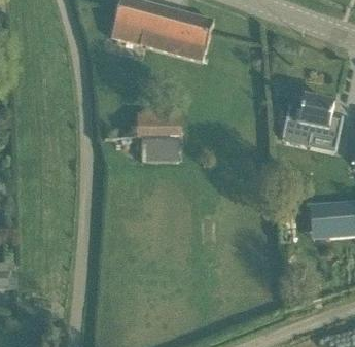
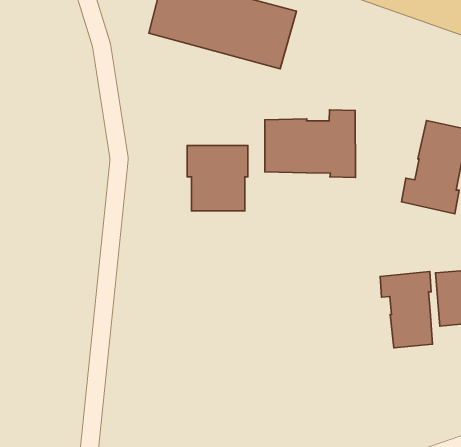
building: none -> [265,110,356,177]
building: none -> [380,272,433,348]

